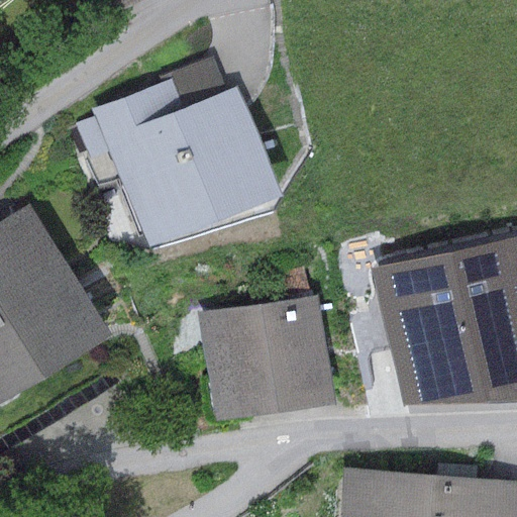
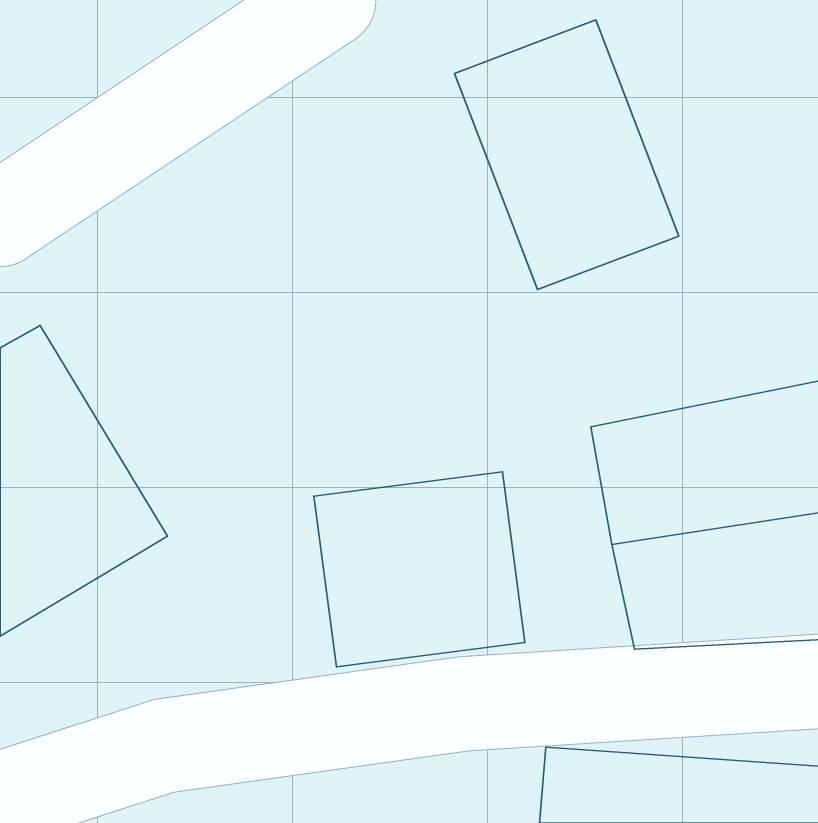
building: none -> [454,20,679,290]
building: [79,78,279,245] -> none

